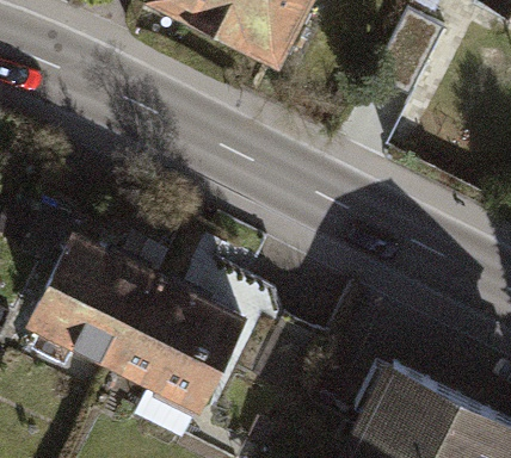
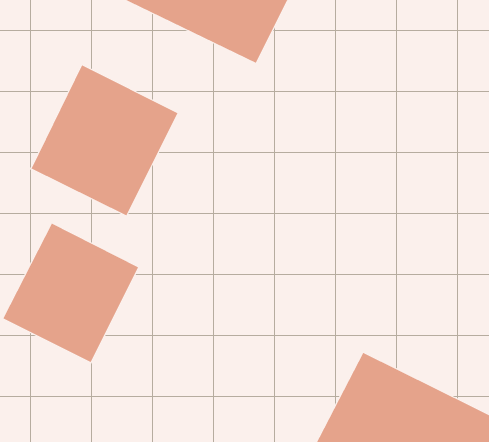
building: none -> [31,65,178,216]
building: [112,277,248,444] -> none

